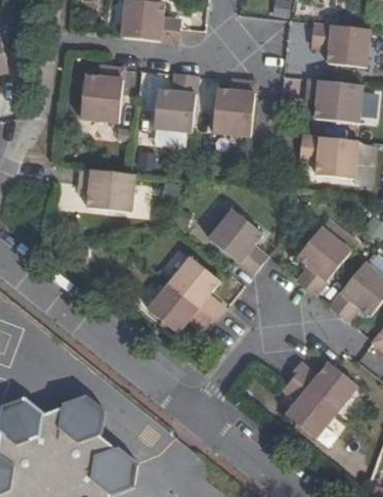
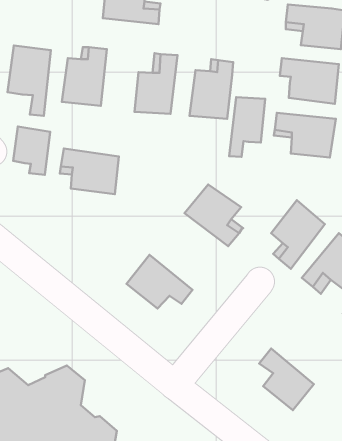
building: none -> [7,46,51,116]
building: none -> [229,97,265,157]
building: none -> [13,127,50,175]
building: [169,255,226,317] -> none
building: [290,360,358,412] -> none

